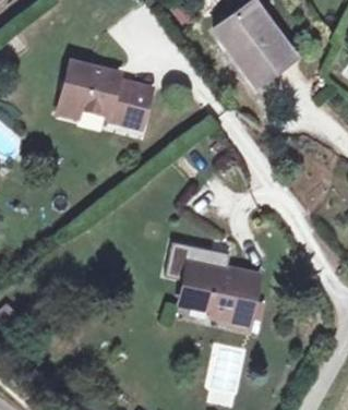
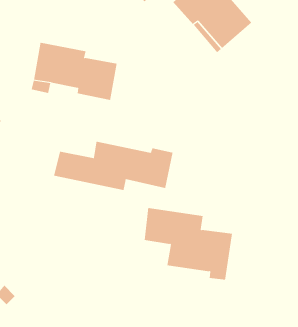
building: none -> [53,141,173,191]

